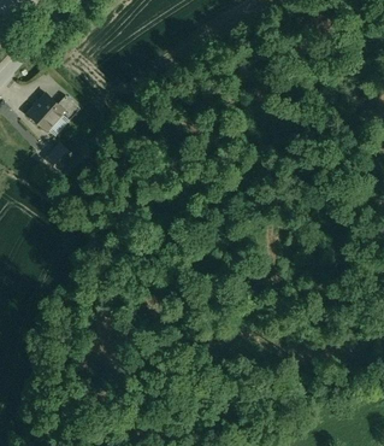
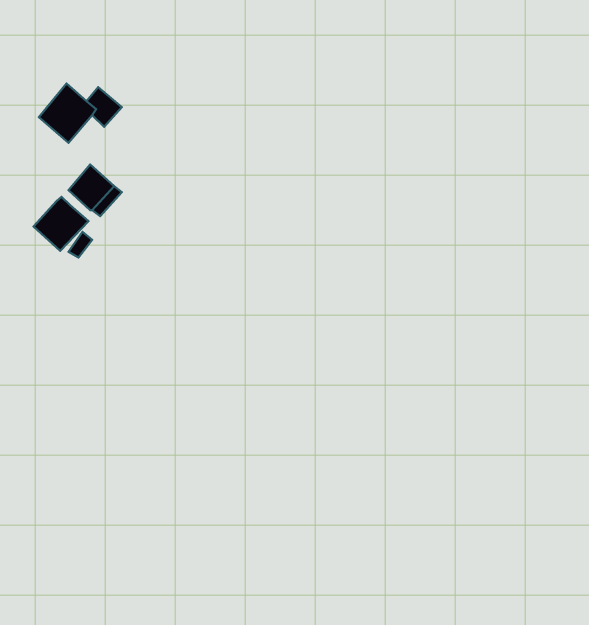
building: none -> [33,197,89,251]

